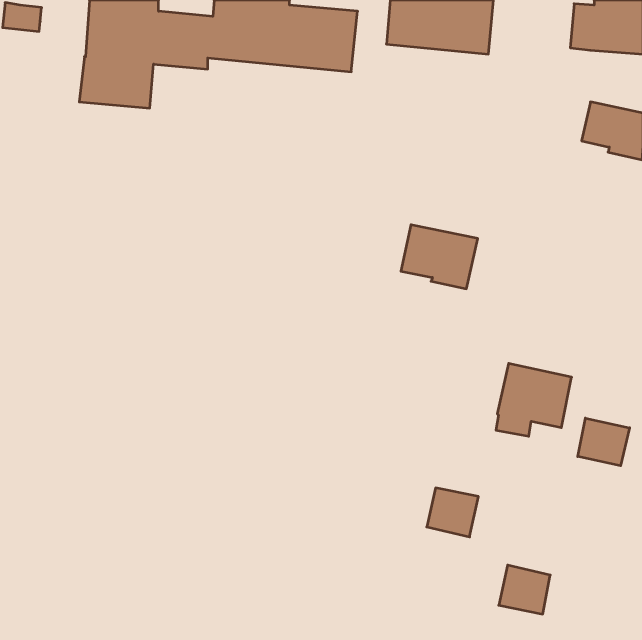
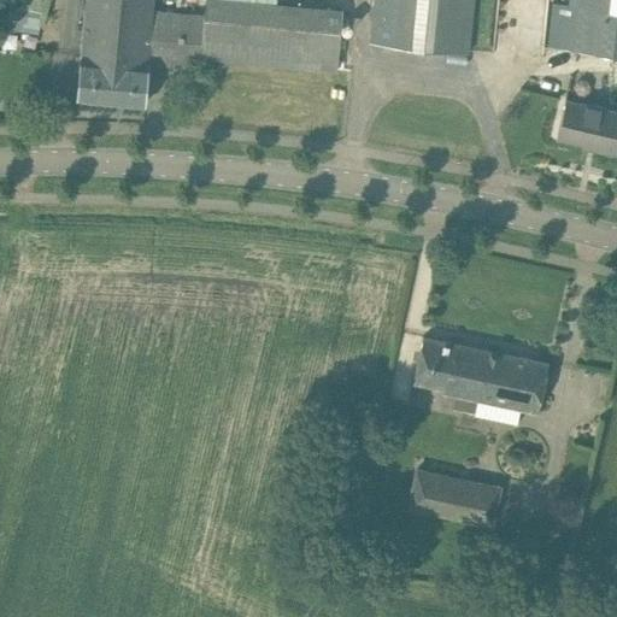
building: [401,225,478,289] -> [415,337,488,399]
building: [578,418,630,466] -> none
building: [499,565,550,614] -> [451,478,500,525]

